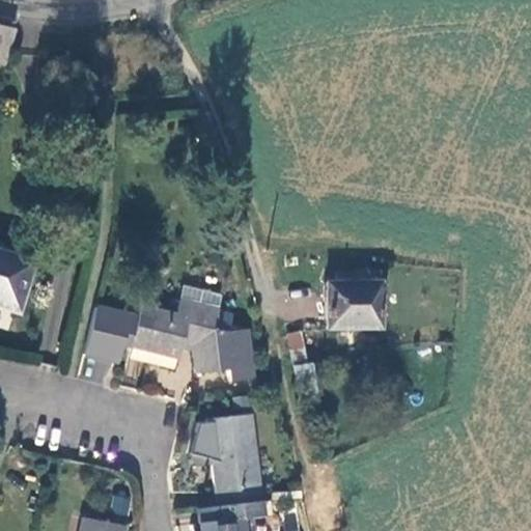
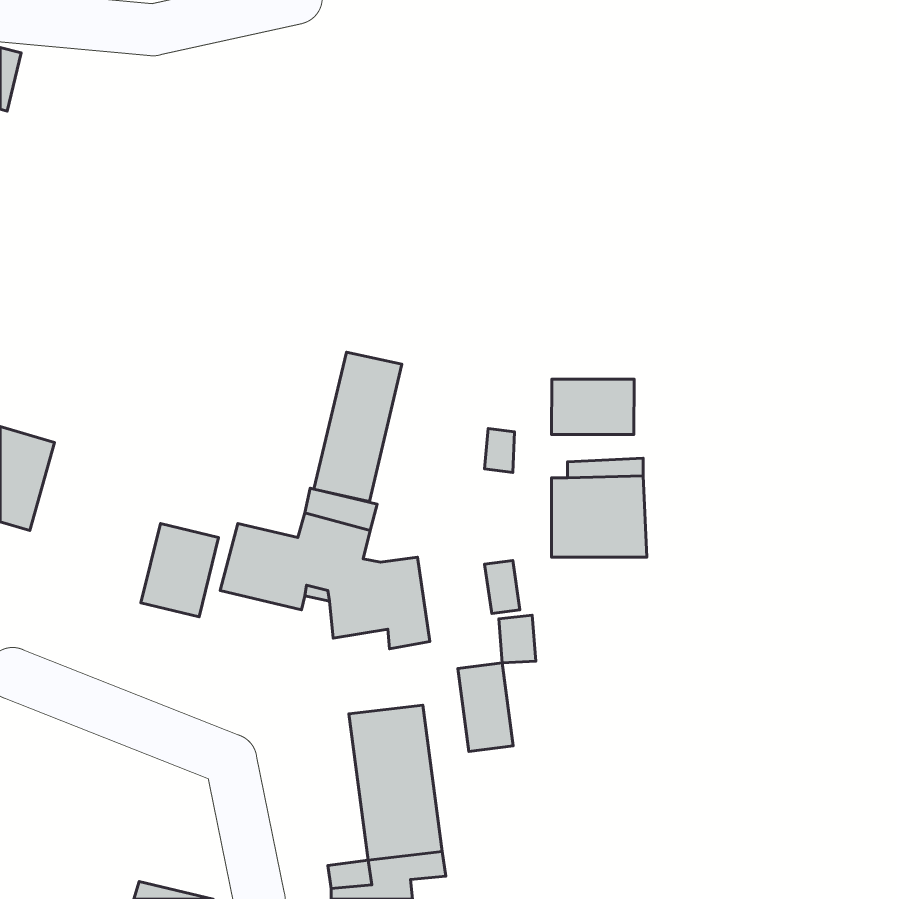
building: none -> [314,352,402,501]
building: none -> [552,379,634,434]
building: none -> [458,663,513,752]

